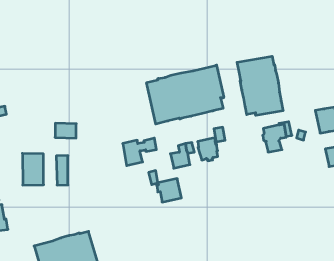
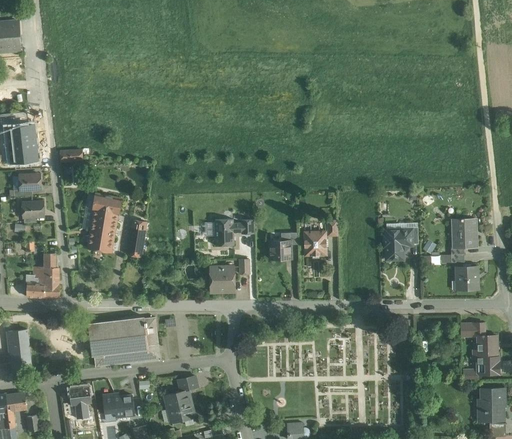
building: [237,56,283,115] -> none
building: [147,65,224,124] -> none
building: [55,123,76,138] -> [92,193,120,215]
building: [157,179,181,202] -> [207,266,234,291]

